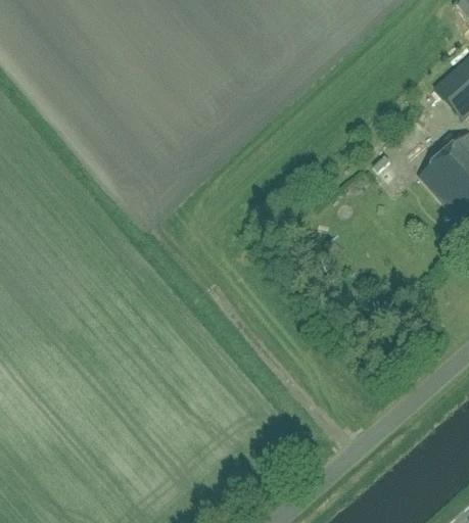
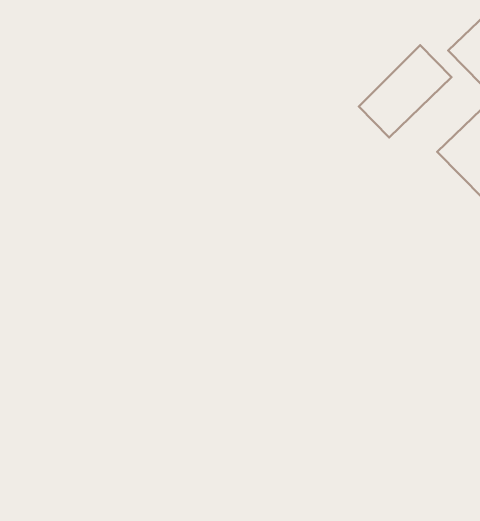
building: none -> [359,45,452,137]

